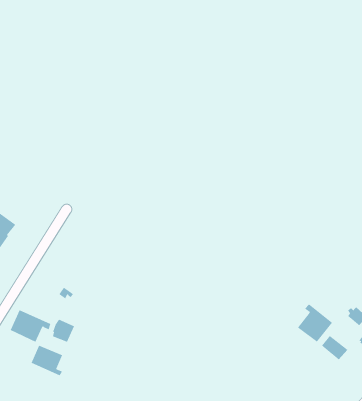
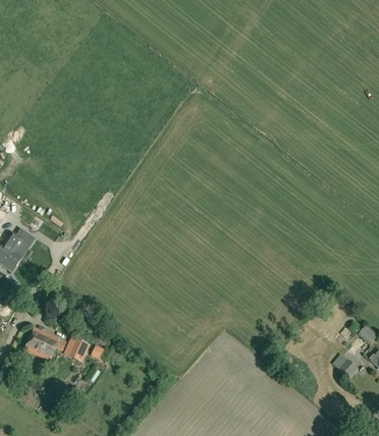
building: [297,304,333,343] -> none
building: [31,345,63,376] -> none

